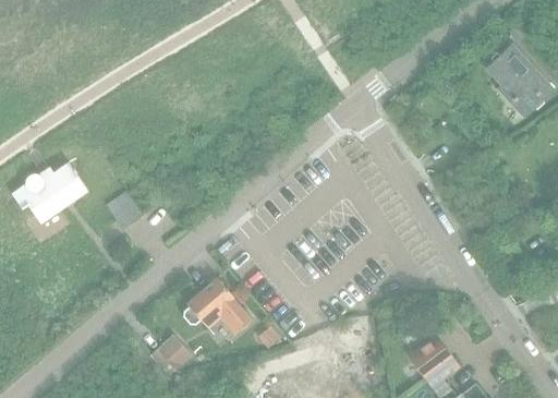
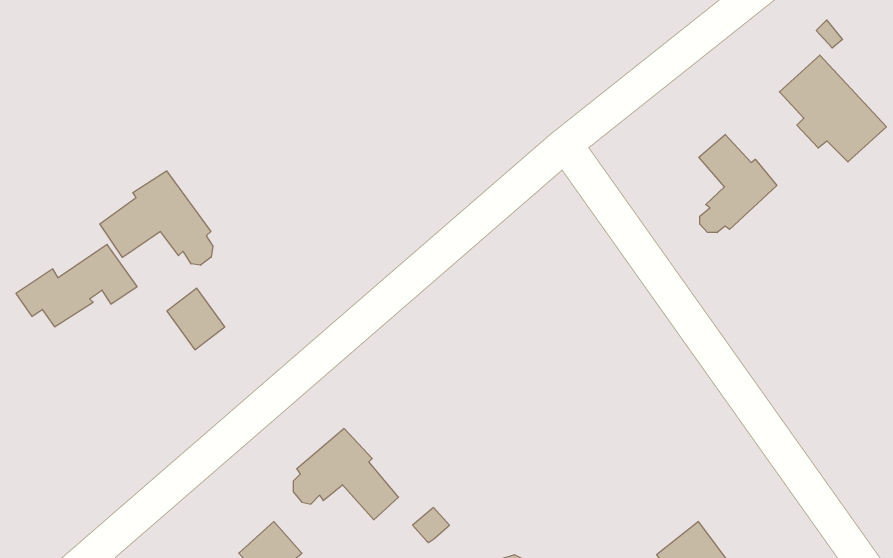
building: none -> [699,134,777,233]
building: none -> [100,171,213,265]

